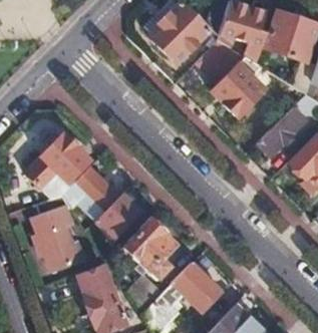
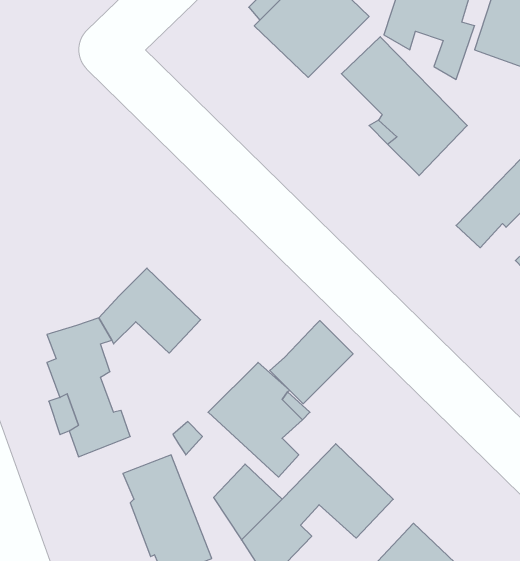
building: [26,135,90,198] -> none
building: [94,193,139,238] -> [270,321,353,404]

